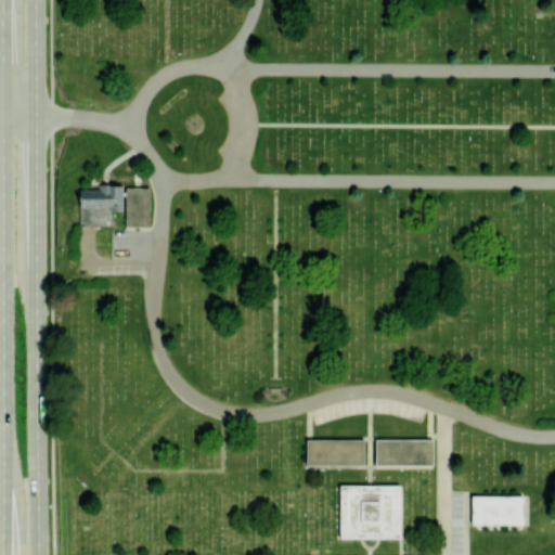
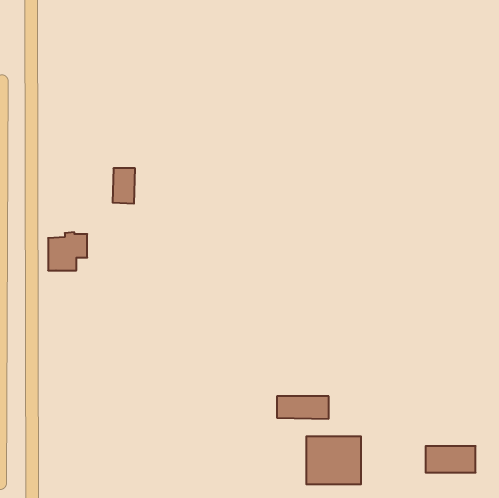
building: [80,184,124,227] -> [48,232,87,270]
building: [376,441,434,466] -> none

